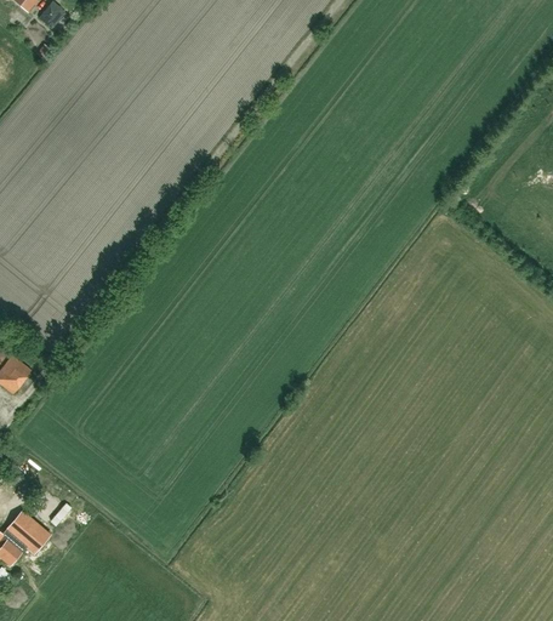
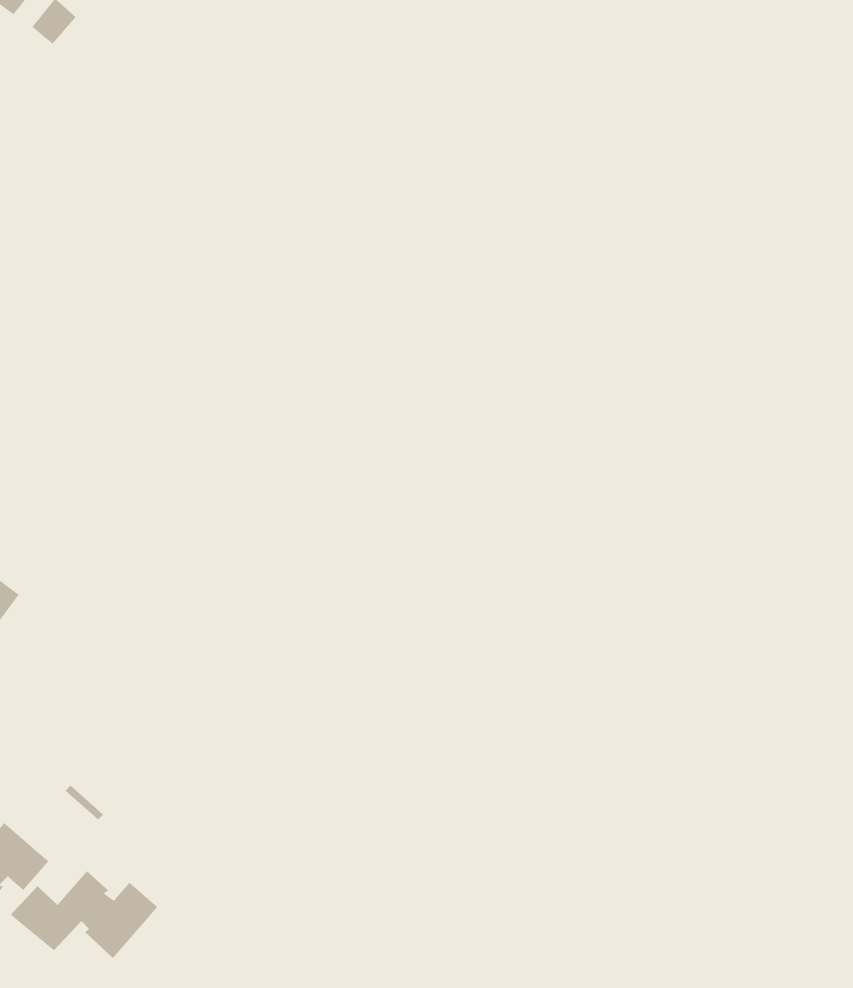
building: none -> [10,870,158,959]

